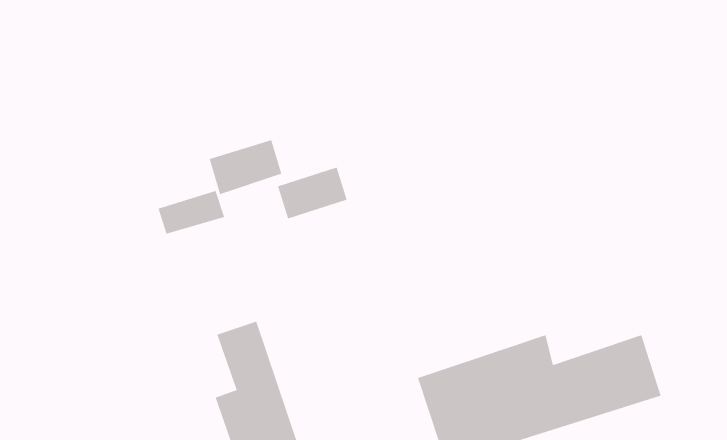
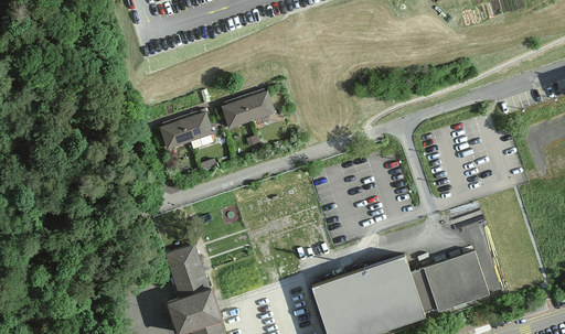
building: [277,167,348,219] -> [222,88,274,127]
building: [158,190,225,234] -> none

